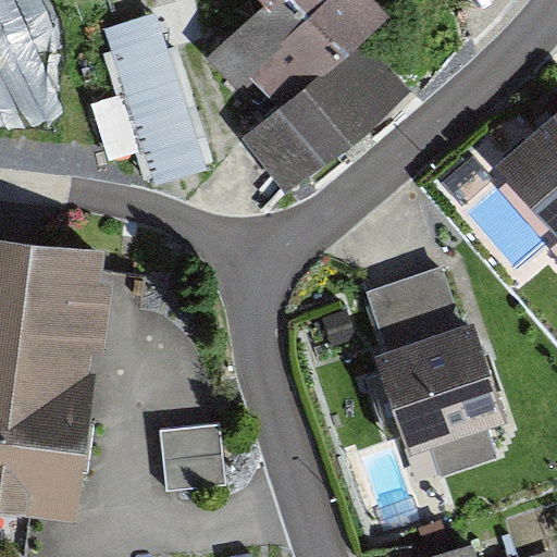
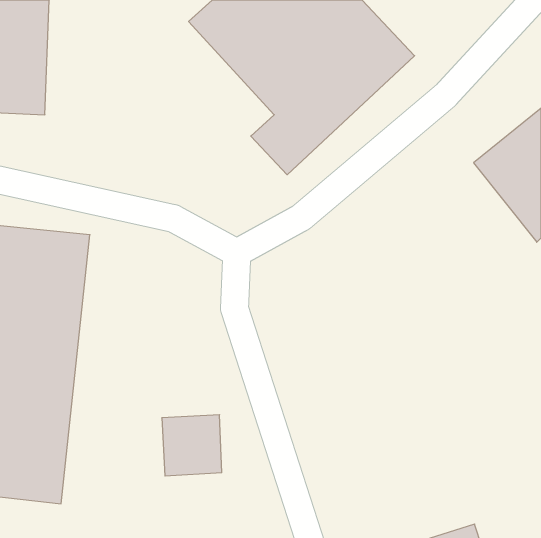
building: [97,17,207,188] -> none
building: [368,262,516,469] -> none

